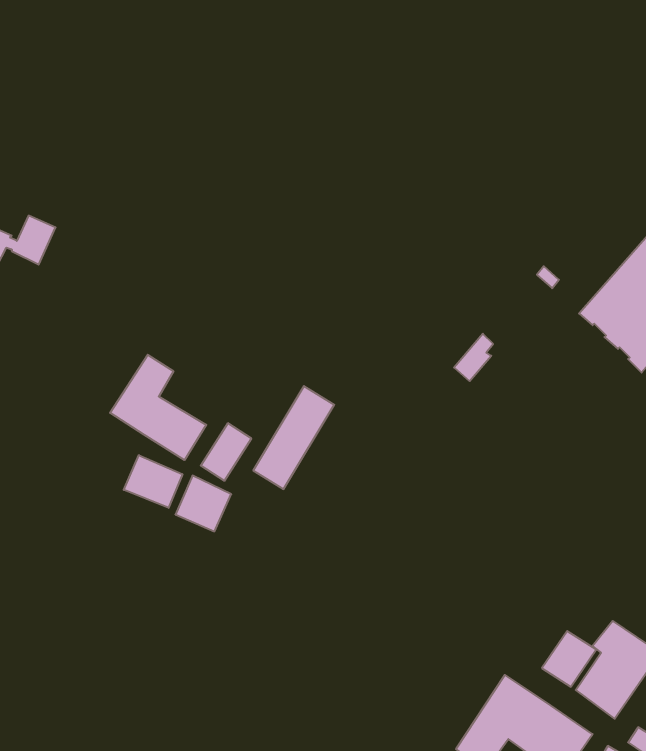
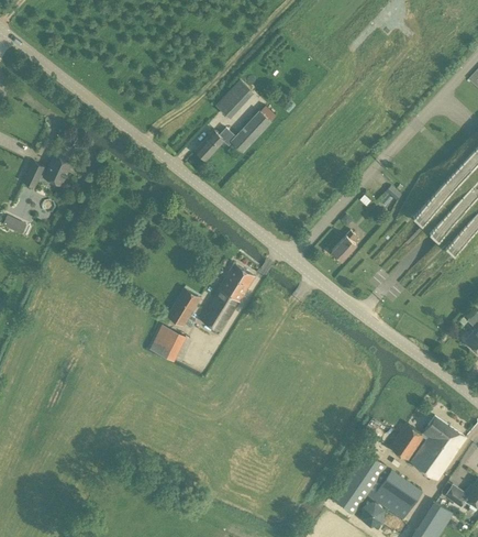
building: none -> [215,79,253,118]
building: none -> [194,112,269,161]
building: [110,355,206,460] -> none
building: [124,455,182,508] -> none

